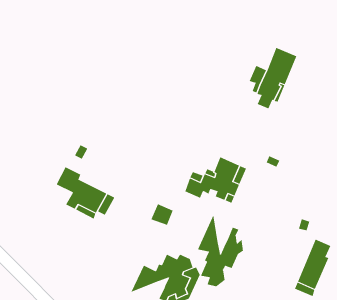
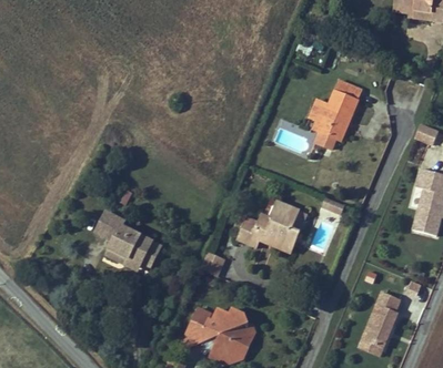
building: [197,214,243,287] -> none

